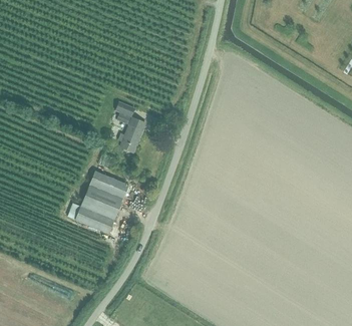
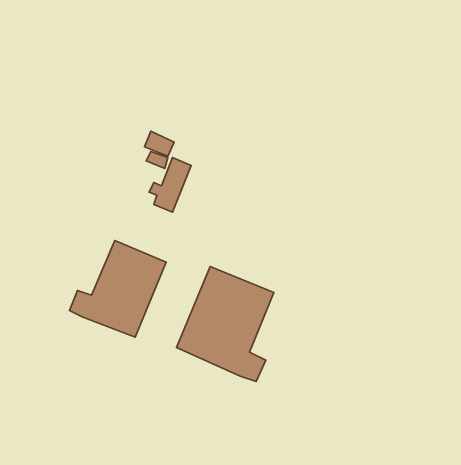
building: none -> [176,266,274,382]

